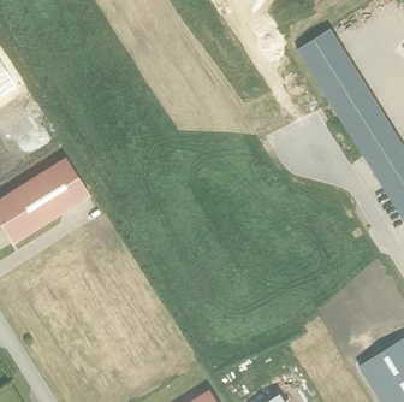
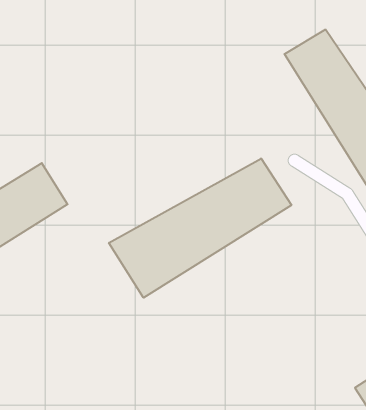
building: none -> [109,158,291,298]

